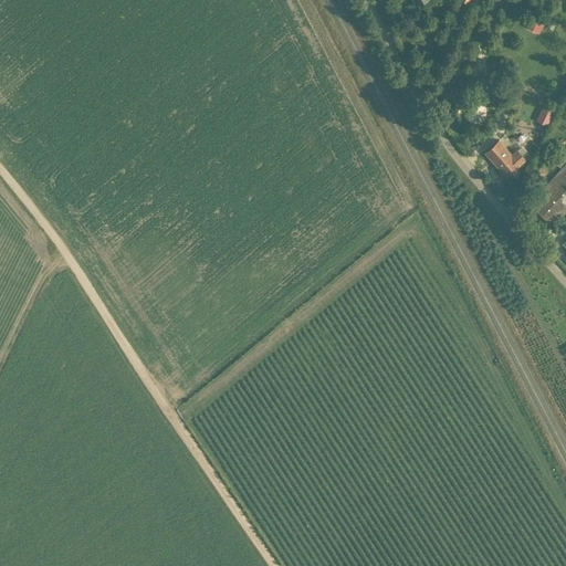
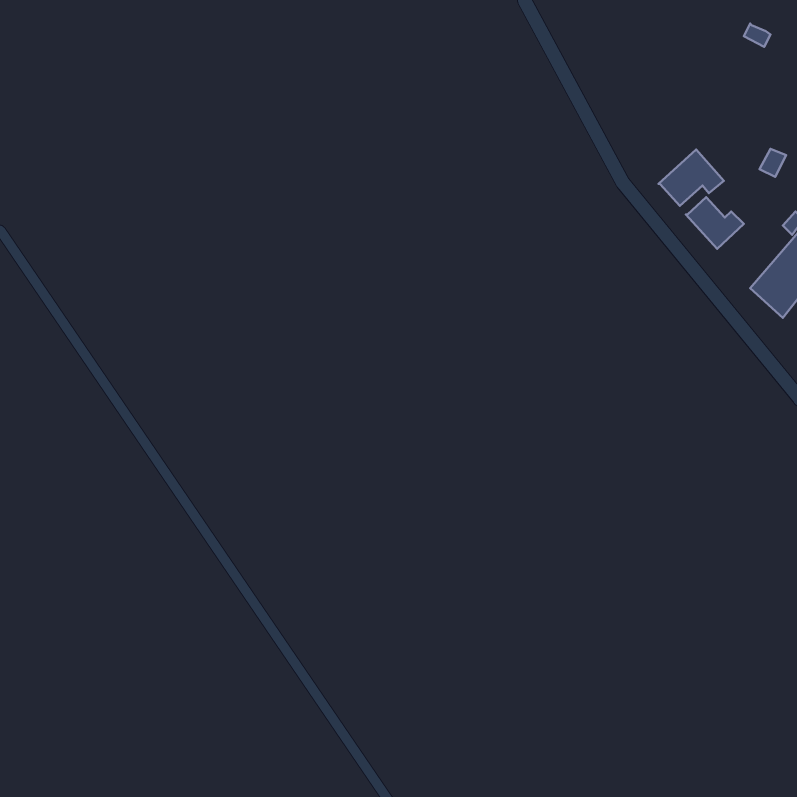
building: none -> [658,149,724,206]

